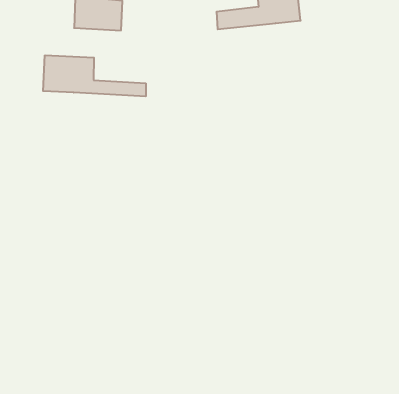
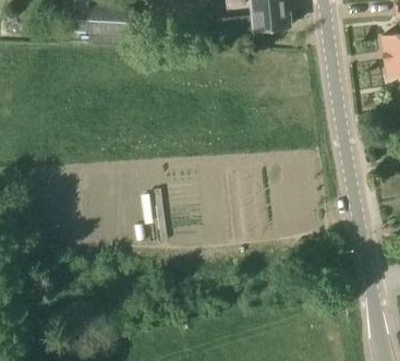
building: [43,55,146,96] -> none

